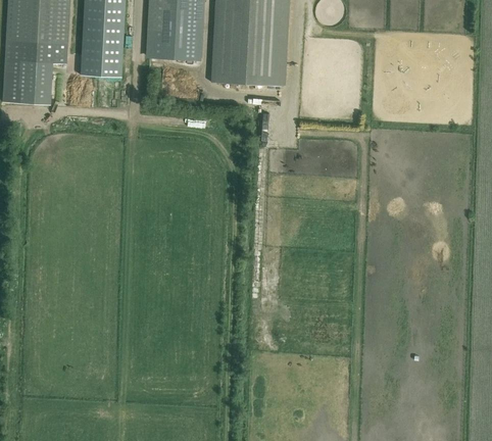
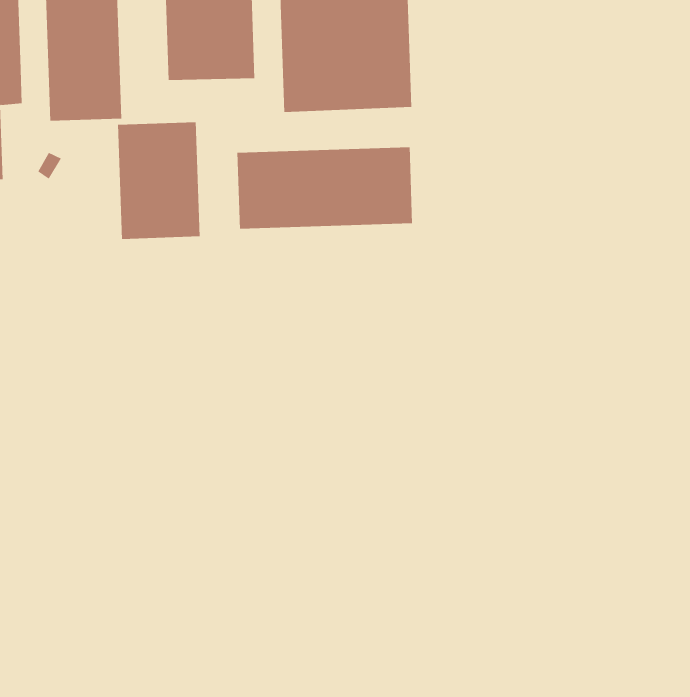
building: none -> [118,122,200,240]
building: none -> [237,146,413,230]

